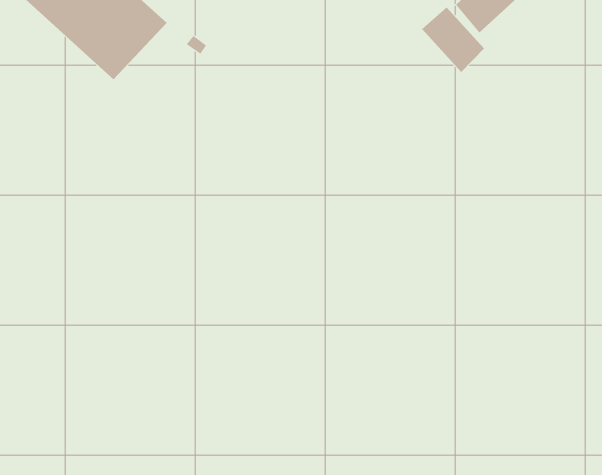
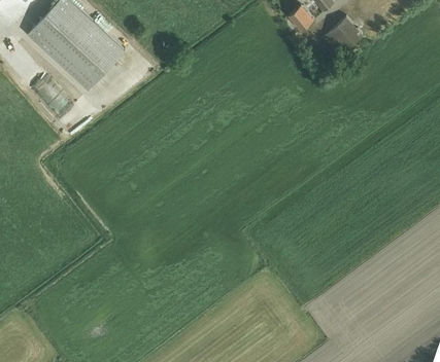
building: [421,6,485,73] -> none

